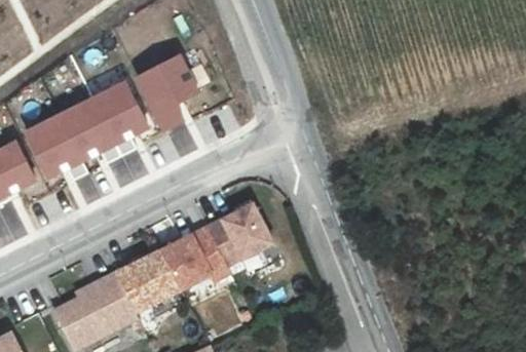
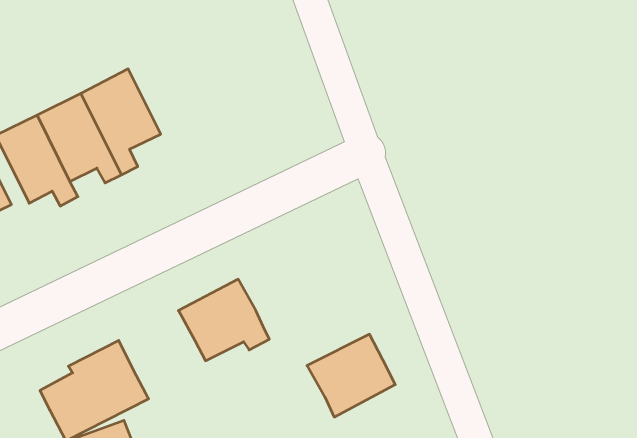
building: [133,46,194,122] -> none
building: [203,205,270,268] -> [307,334,395,417]
building: [113,252,179,315] -> none

